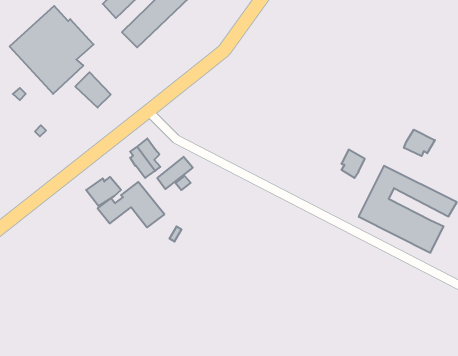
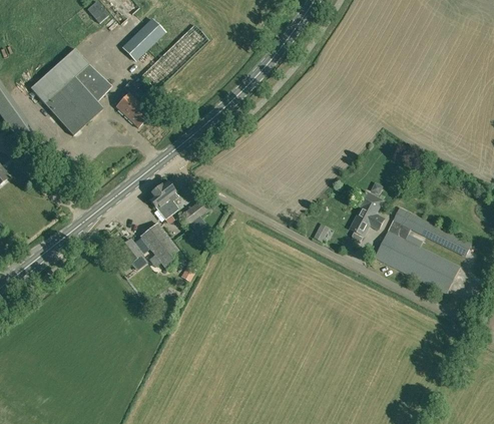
building: [75,72,111,108] -> [115,91,150,126]
building: [404,130,435,156] -> none
building: none -> [350,210,385,240]
building: [86,177,121,206] -> none

